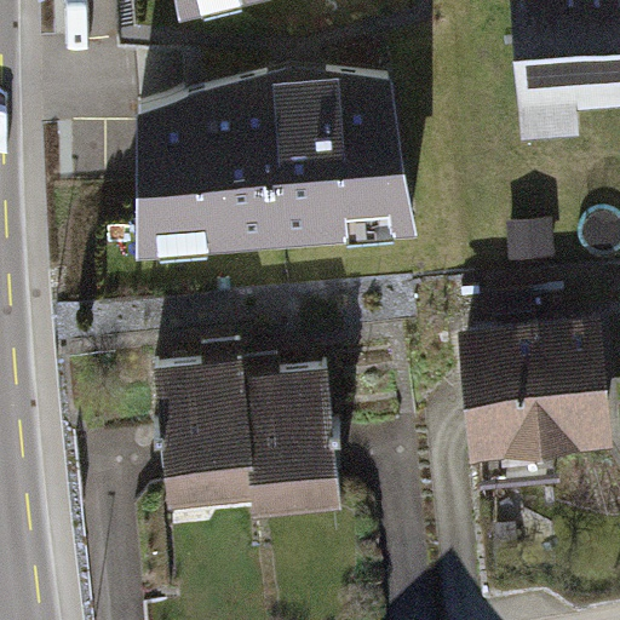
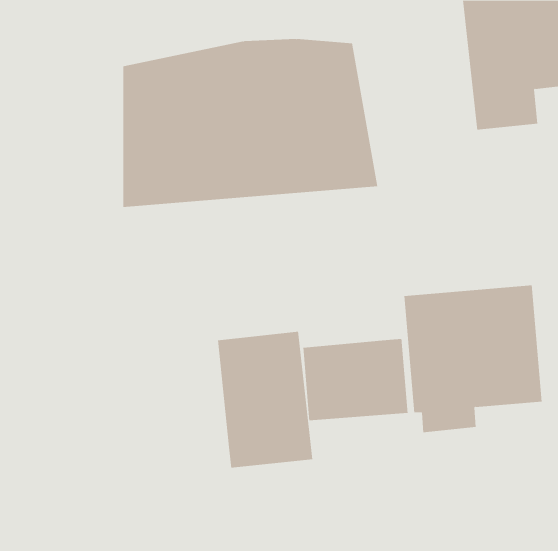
building: [151,363,257,515] -> none
building: none -> [303,338,408,421]

